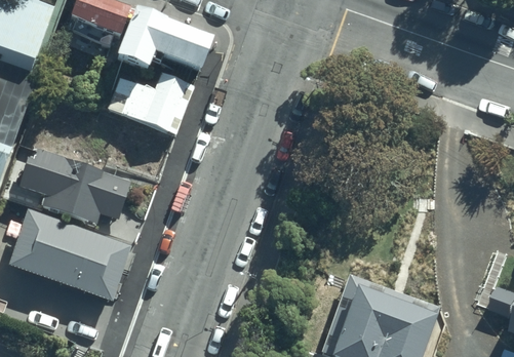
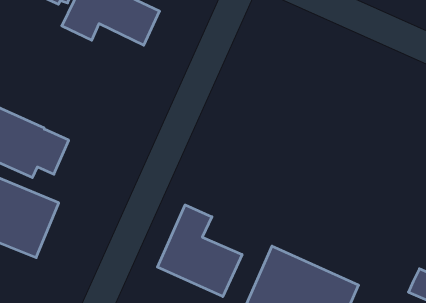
building: [109,70,195,134] -> none
building: none -> [157,205,242,297]

